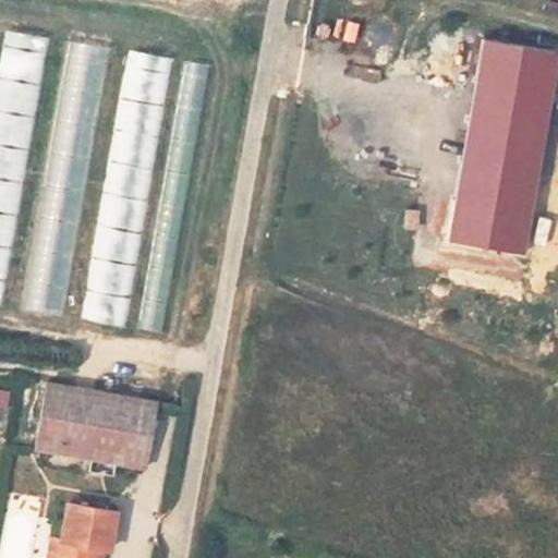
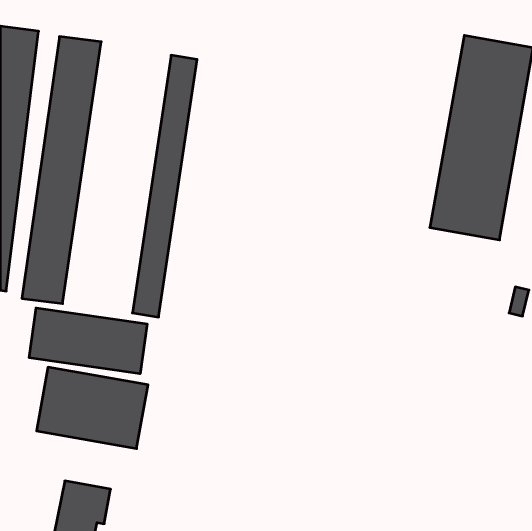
building: [87,49,165,326] -> none
building: none -> [29,308,147,374]

